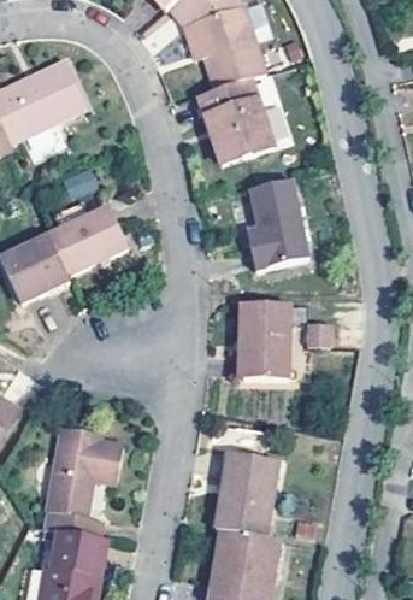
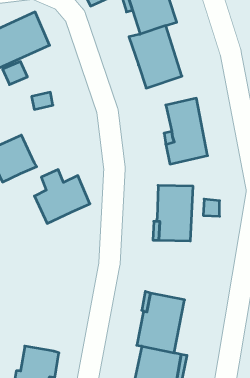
building: [49,196,128,272] -> [34,170,90,223]
building: [42,428,120,539] -> none

